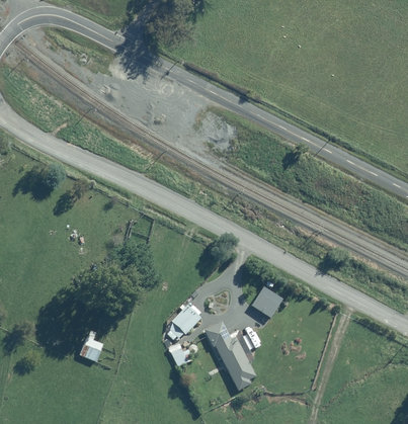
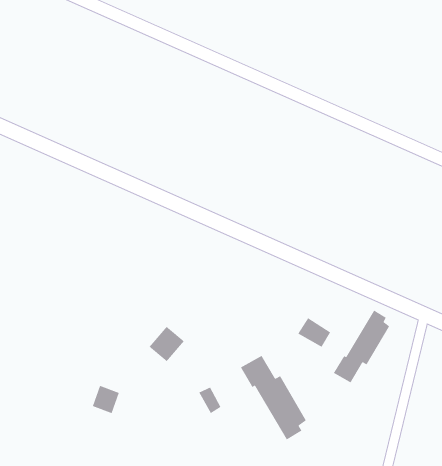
building: none -> [333,310,390,383]
building: [172,305,201,334] -> [149,326,185,362]

